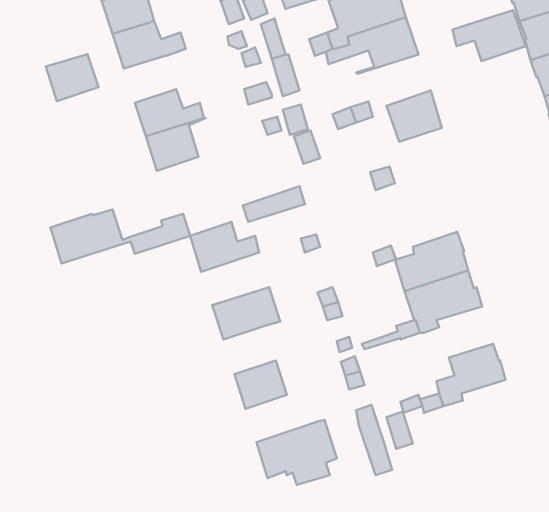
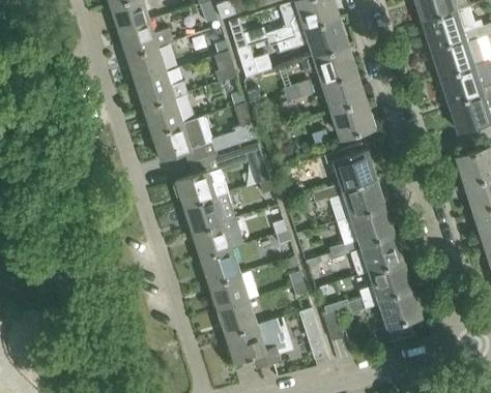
building: [452,10,526,61] -> [301,46,356,84]
building: [46,54,98,101] -> [126,47,166,82]
building: none -> [333,100,374,139]
building: none -> [325,144,376,199]
building: [50,210,190,264] -> [151,119,256,159]
building: none -> [184,193,236,233]
building: none -> [351,234,403,275]
building: none -> [201,248,240,284]
building: none -> [379,289,422,341]
building: none -> [218,300,257,335]

